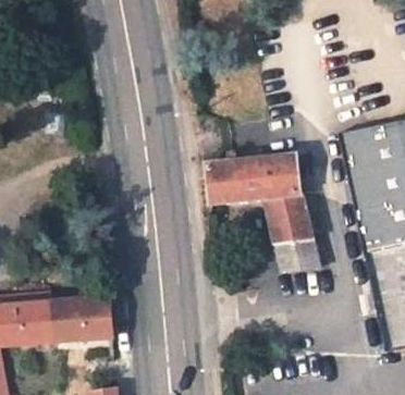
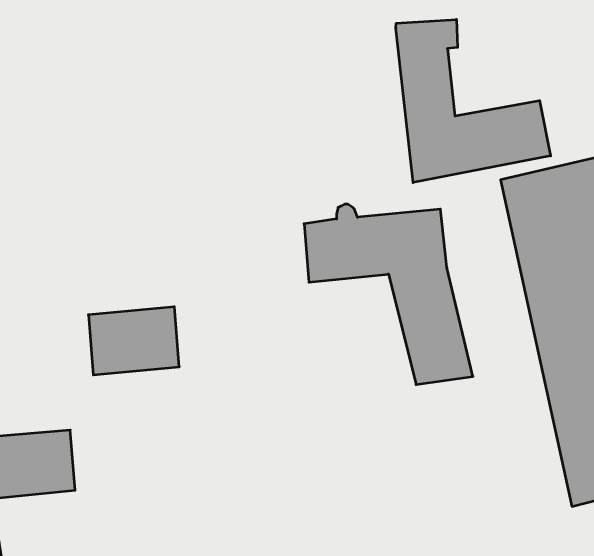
building: none -> [396,19,551,183]
building: [51,296,112,342] -> [88,307,179,375]

